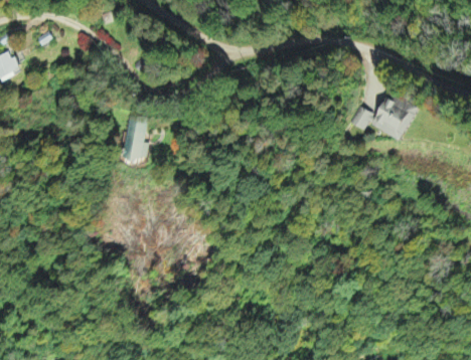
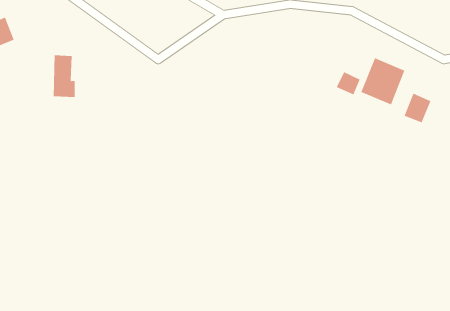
building: [125,117,148,160] -> [53,55,76,97]
building: none -> [404,93,431,123]

